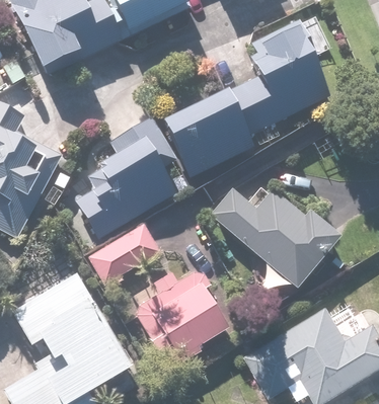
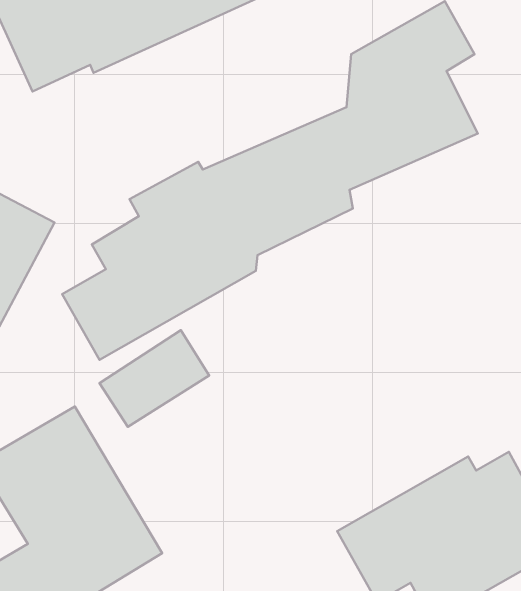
building: [208,188,339,291] -> none
building: [125,267,237,374] -> none

